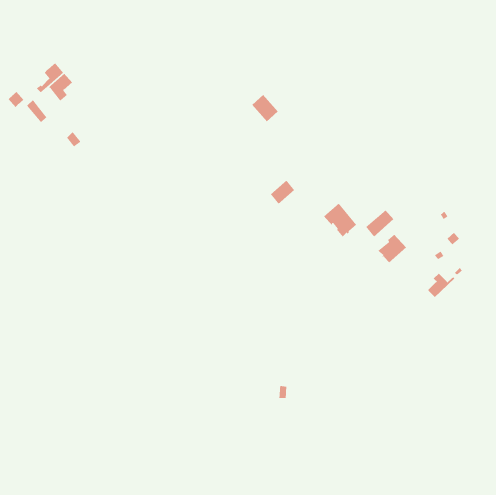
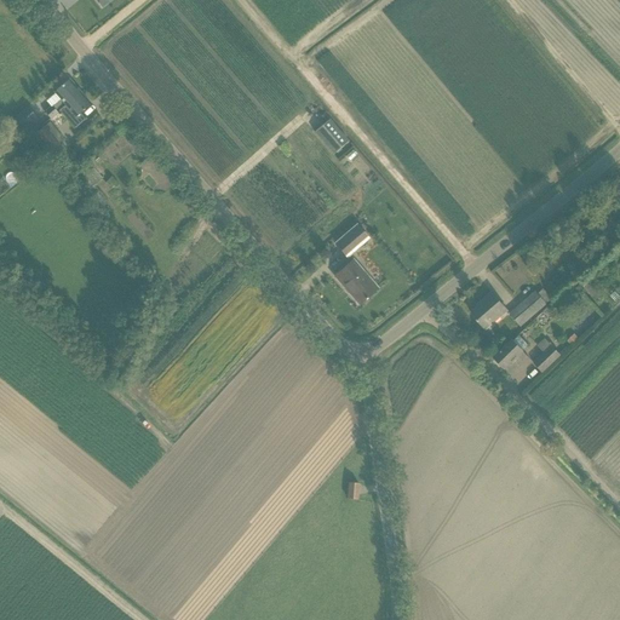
building: [323,202,357,237] -> [334,259,377,303]
building: [365,209,394,238] -> [510,291,546,326]
building: none -> [494,340,528,374]

